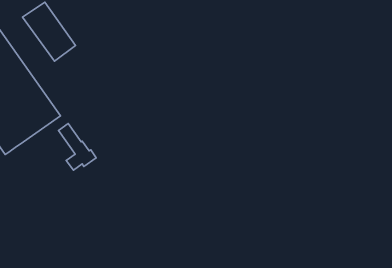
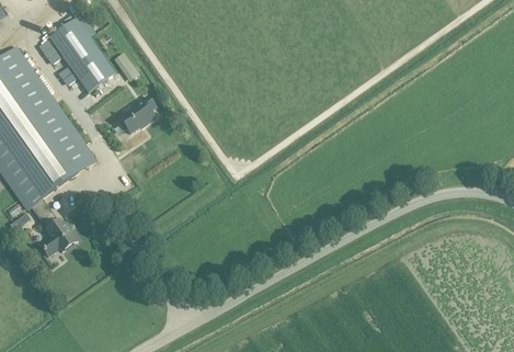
building: none -> [119,94,155,132]
building: [58,123,96,170] -> [30,196,77,254]

